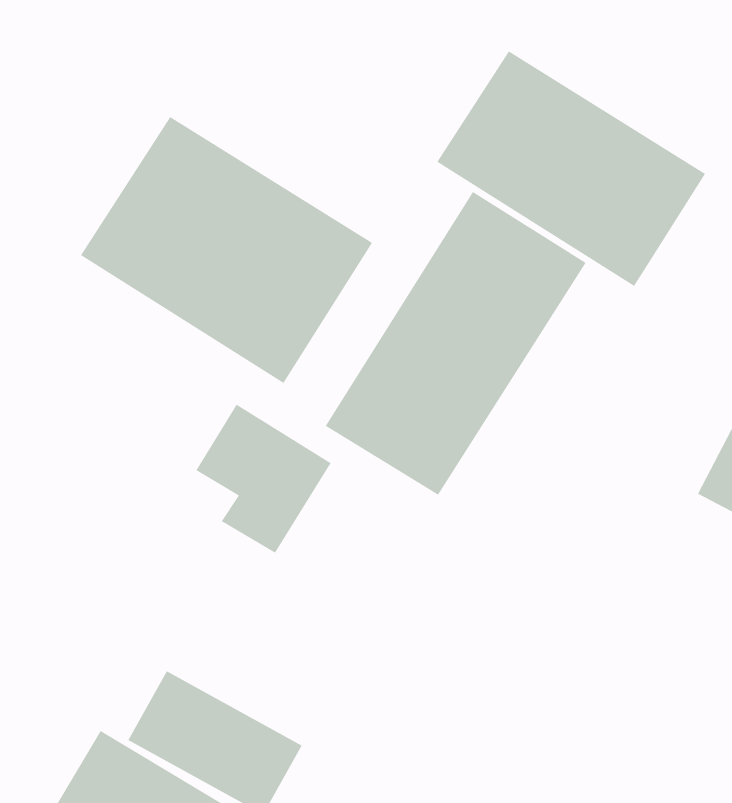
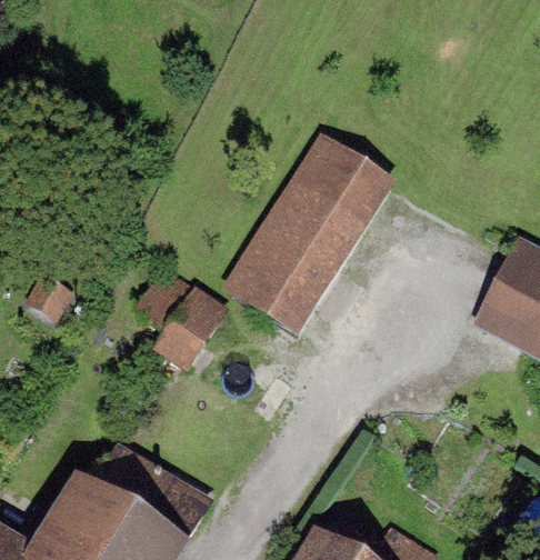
building: [436,50,706,287] -> none
building: [80,116,373,384] -> none

